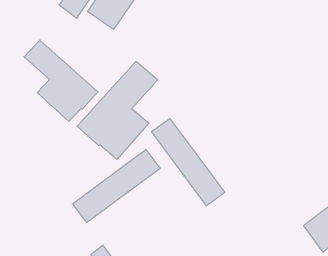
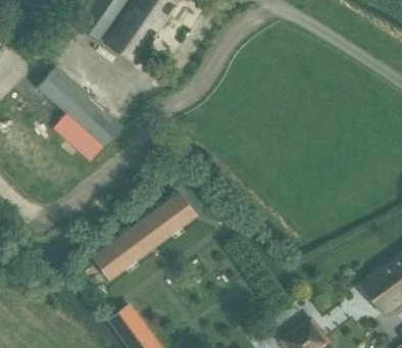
building: [77,61,158,159] -> none
building: [151,118,225,206] -> none

